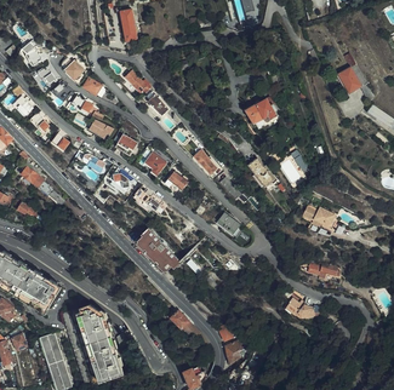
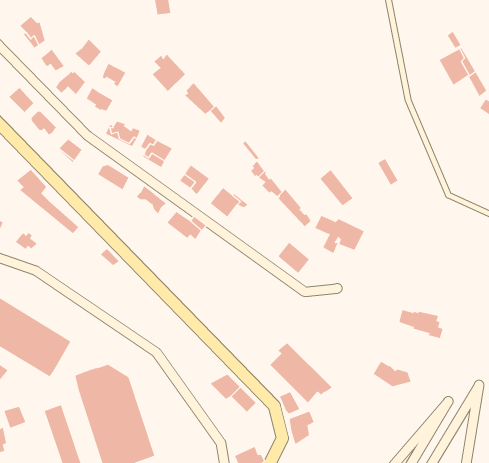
building: [245,94,276,128] -> none
building: [302,203,339,233] -> [314,215,364,254]
building: [135,226,182,273] -> [270,342,332,404]

